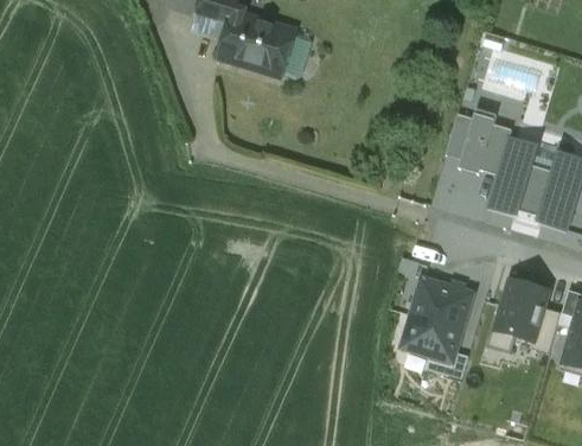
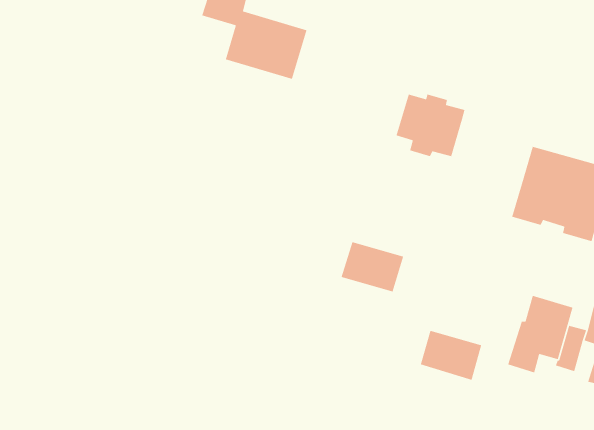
building: [447,115,513,176] -> [396,93,465,157]
building: [414,280,474,329] -> [341,241,404,292]

